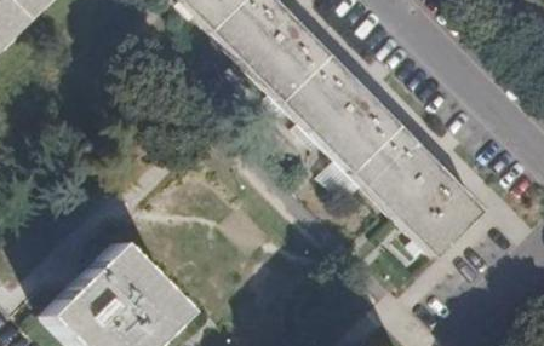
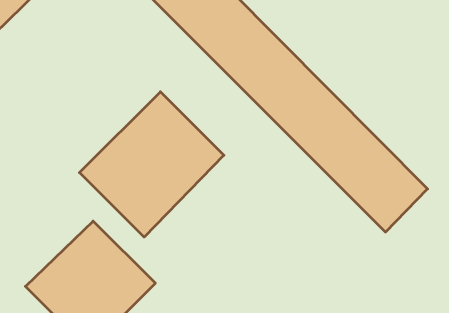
building: none -> [79,92,224,237]

